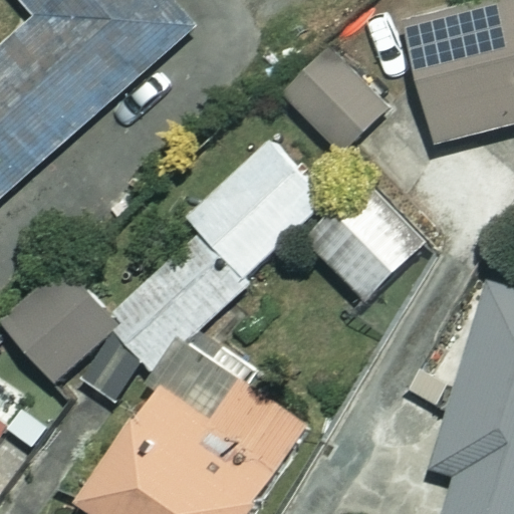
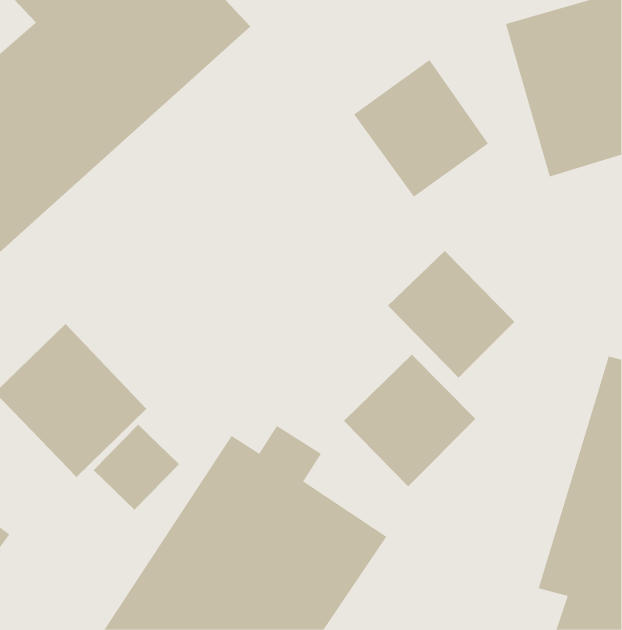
building: [109,142,326,369] -> none
building: none -> [343,354,476,487]

